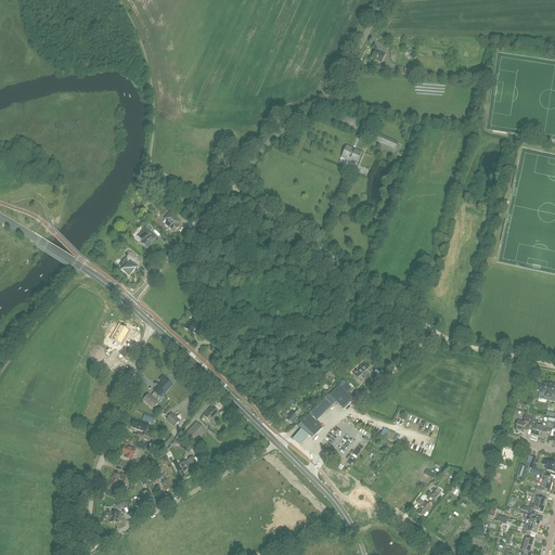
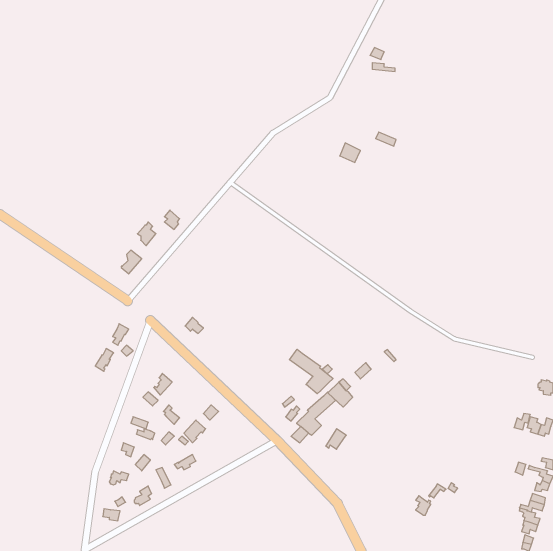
building: none -> [289,349,333,394]

